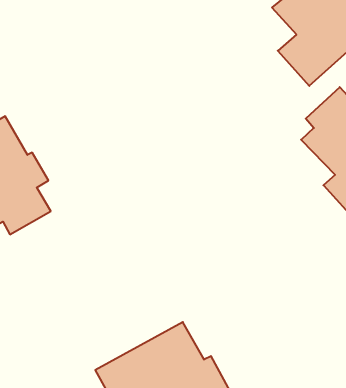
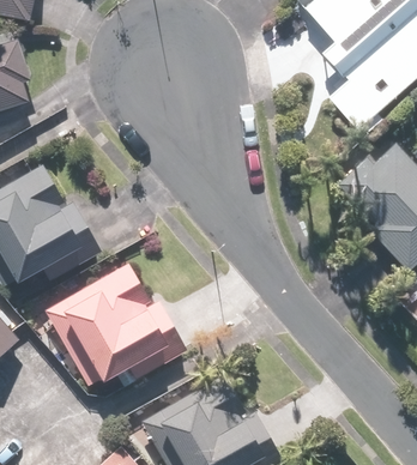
building: none -> [44,260,187,389]

